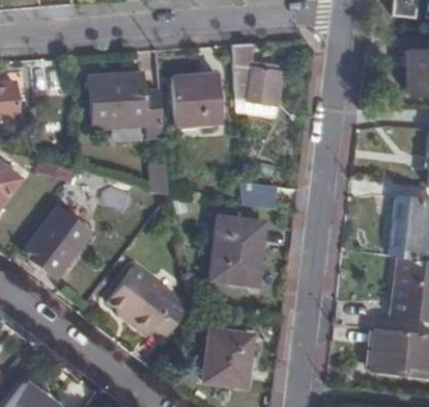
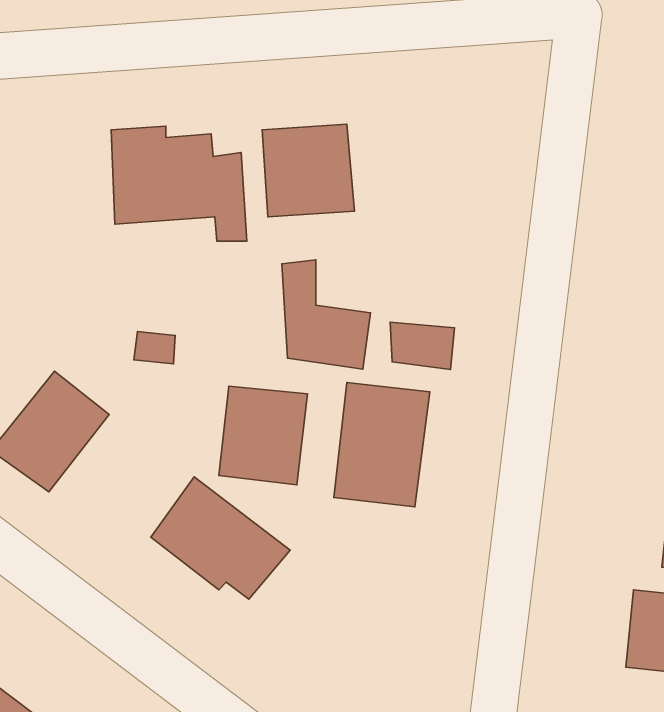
building: [232,43,281,103] -> [282,260,370,369]
building: none -> [219,386,307,485]
building: [204,328,252,385] -> none

